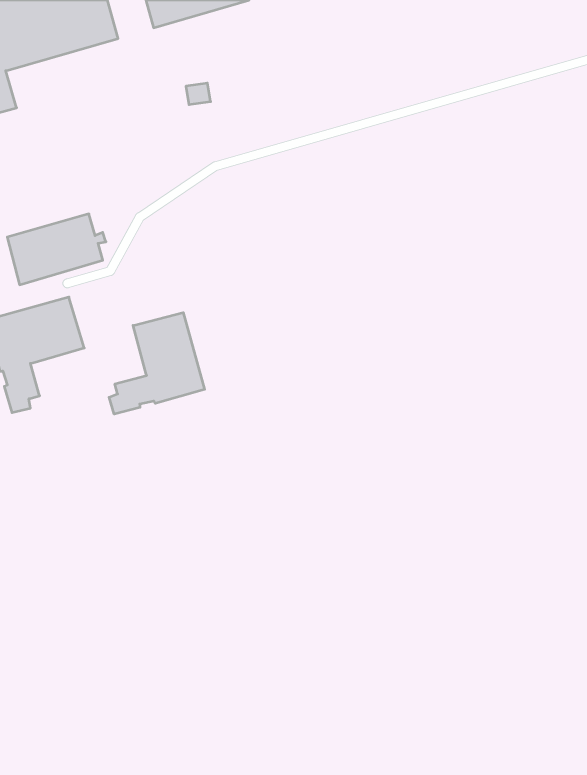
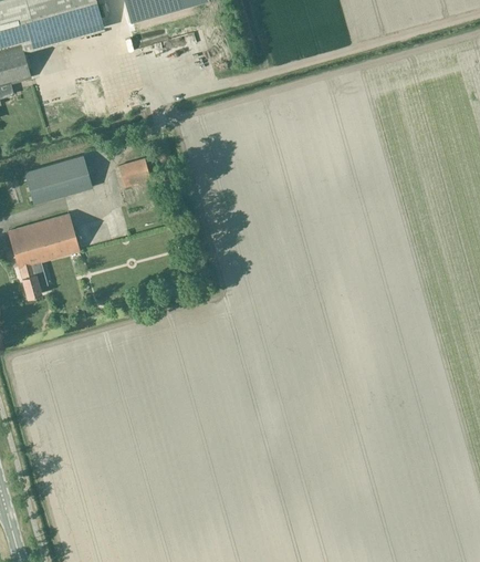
building: none -> [118,158,150,187]
building: [109,313,205,414] -> none

